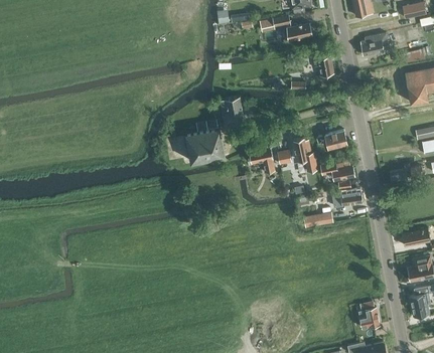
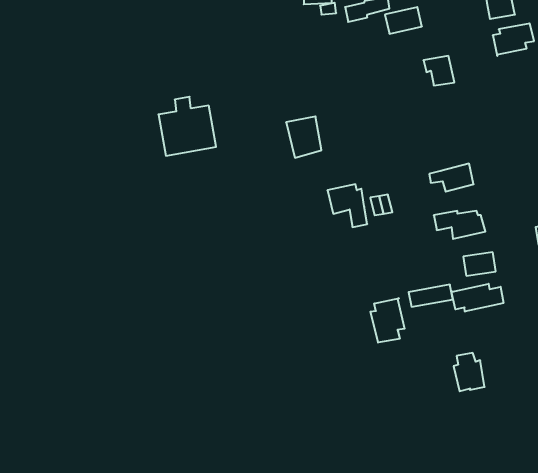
building: [185,121,225,161] -> [158,97,216,156]
building: [293,137,317,171] -> none
building: none -> [451,284,503,312]
building: none -> [370,298,405,343]
building: [358,302,380,328] -> [454,353,485,391]

